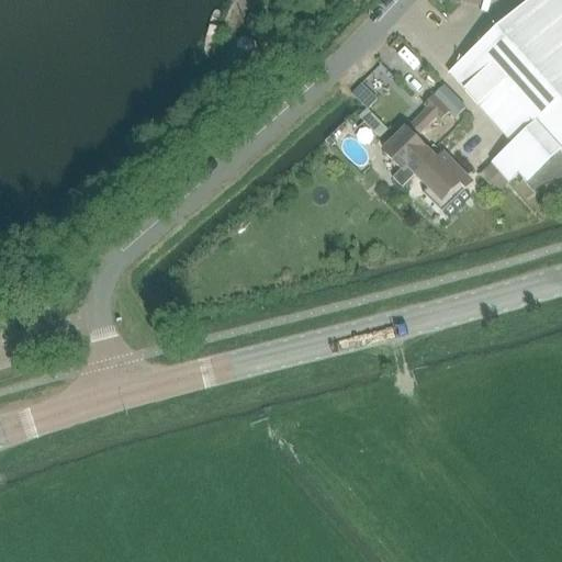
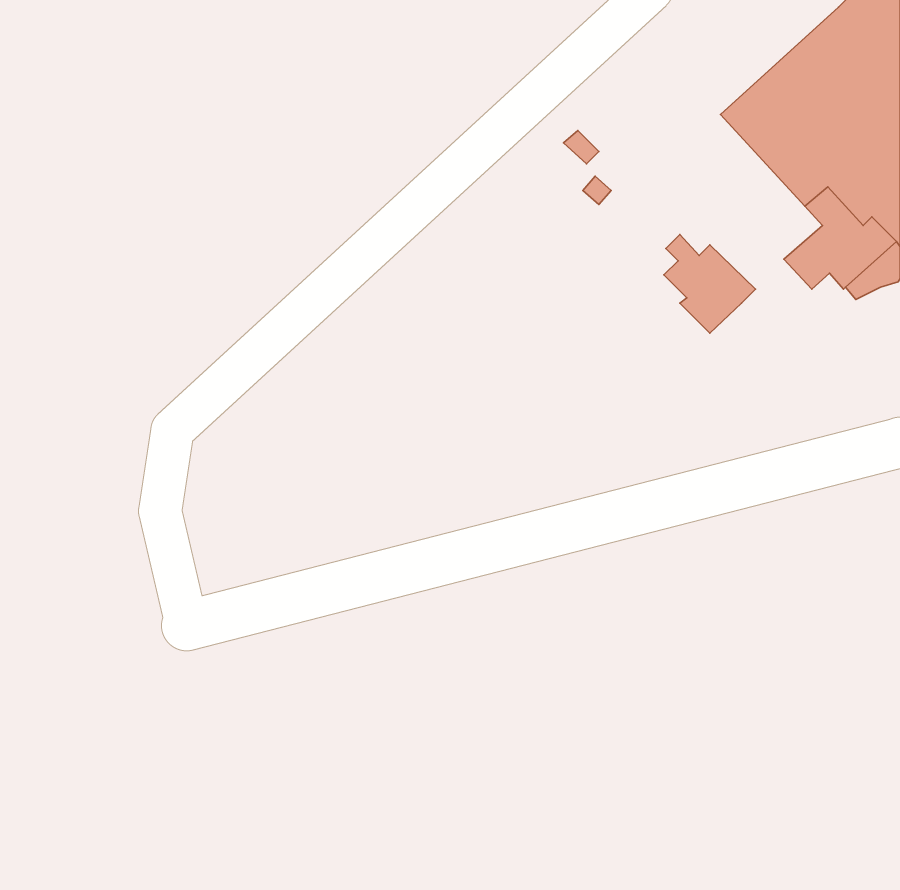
building: [383,81,467,183] -> none

